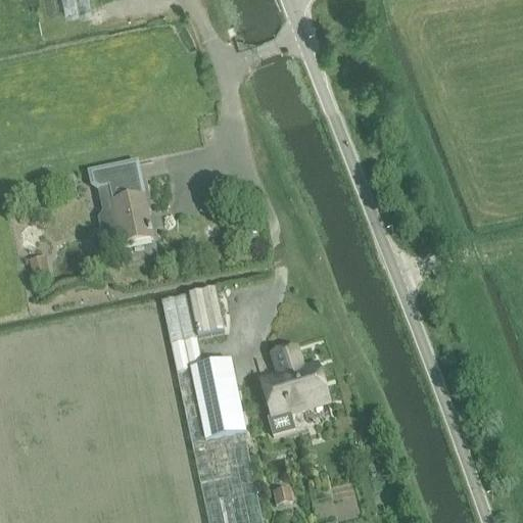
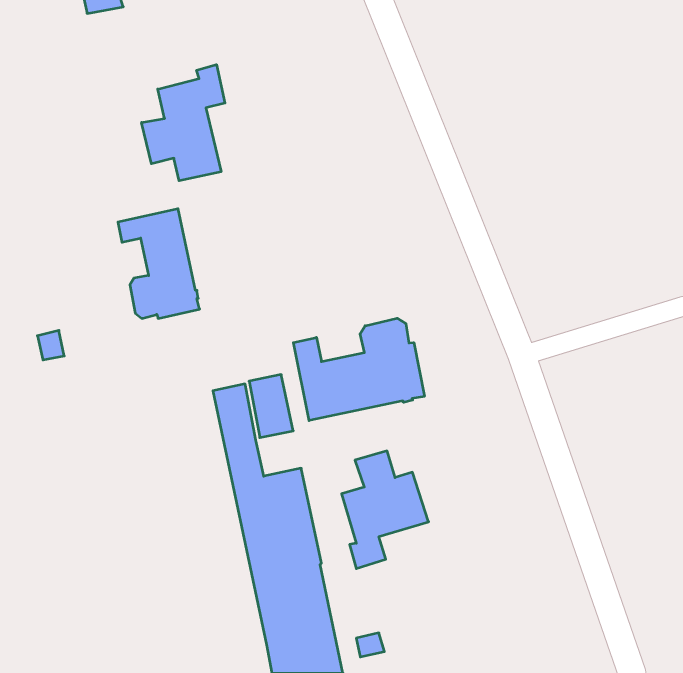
building: none -> [142,65,225,181]
building: none -> [293,318,424,421]

